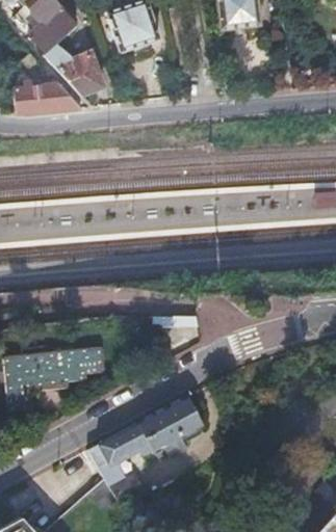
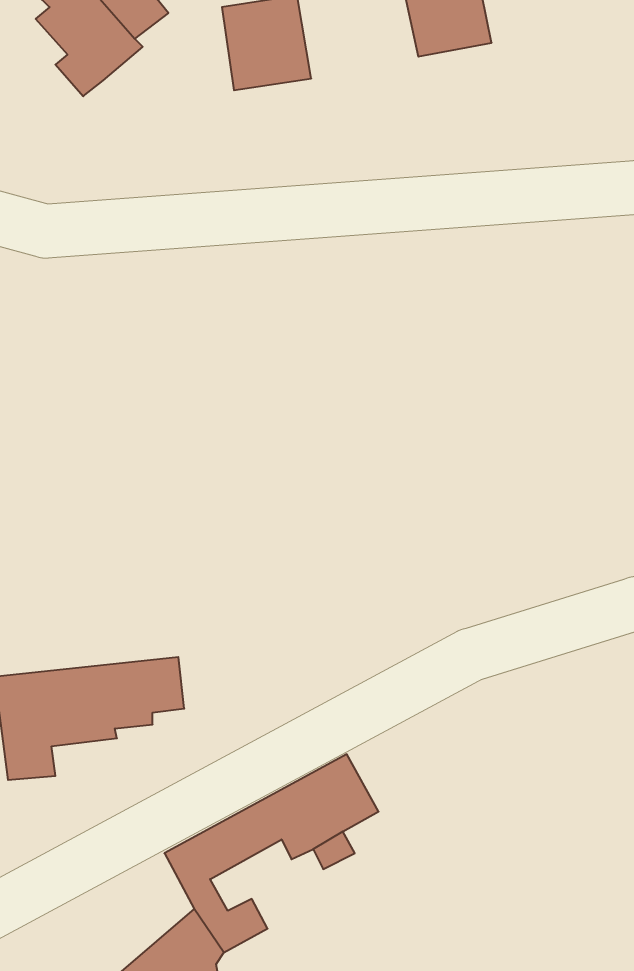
building: [45,44,104,95] -> none
building: [14,76,84,114] -> none

